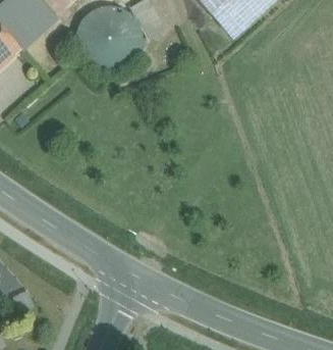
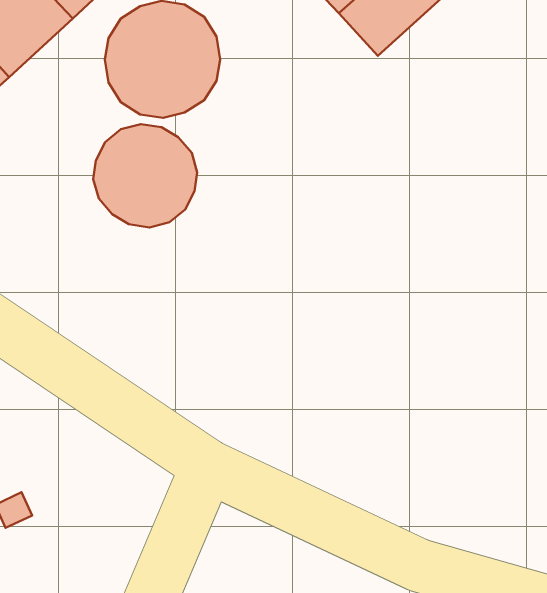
building: none -> [93,124,197,227]

